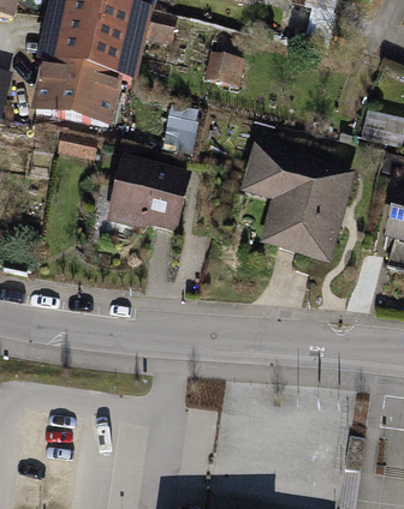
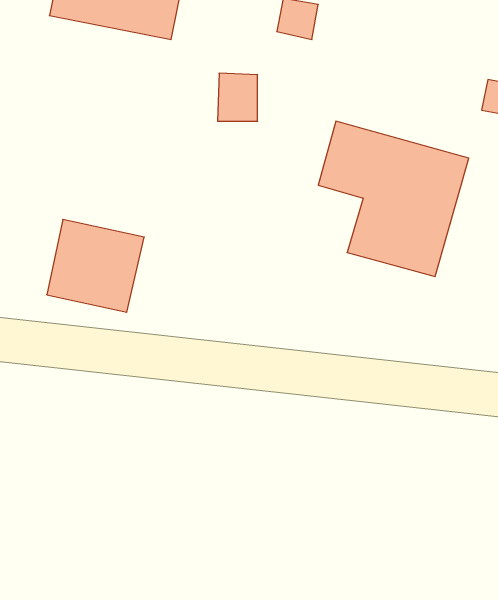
building: [37,76,111,128] -> none
building: [112,158,185,228] -> [47,219,144,312]

